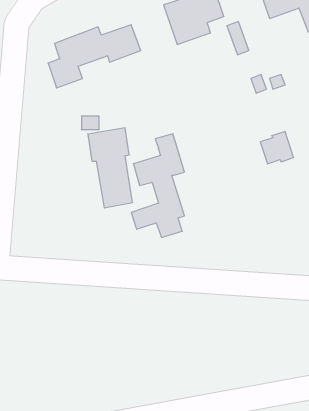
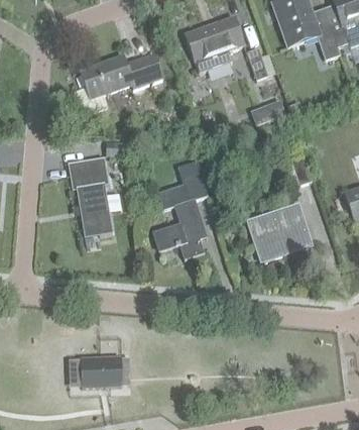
building: [88,128,132,208] -> [69,158,112,236]
building: none -> [246,202,311,261]
building: none -> [81,355,122,386]

